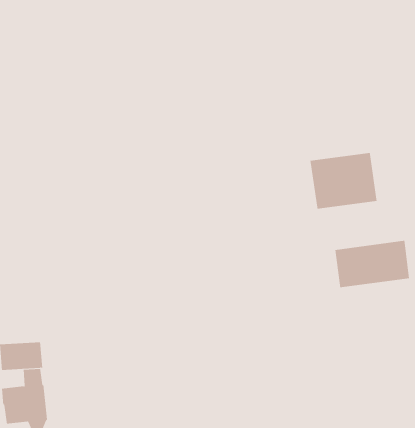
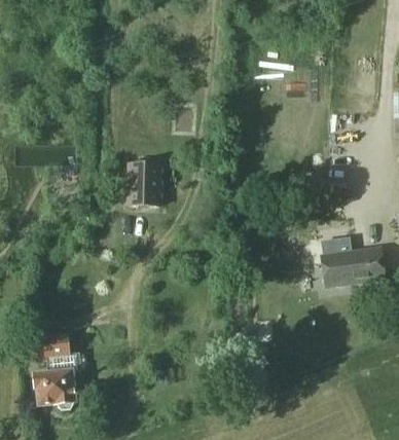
building: none -> [128,161,160,207]
building: [310,152,377,210] -> none

